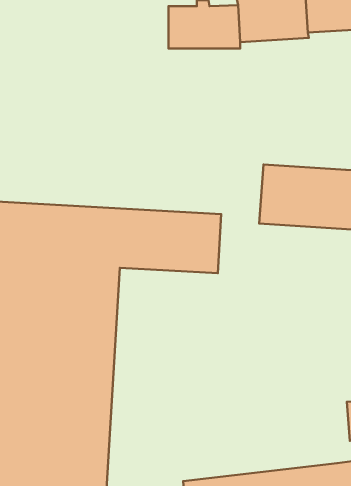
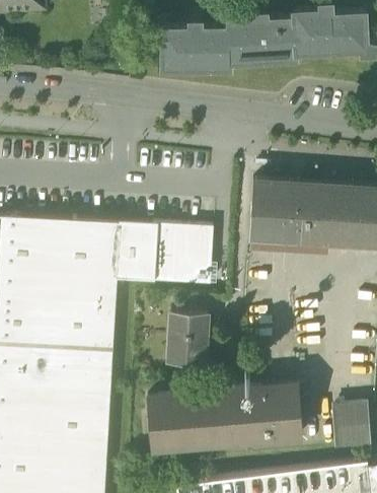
building: none -> [169,311,209,365]
building: none -> [148,385,304,448]

